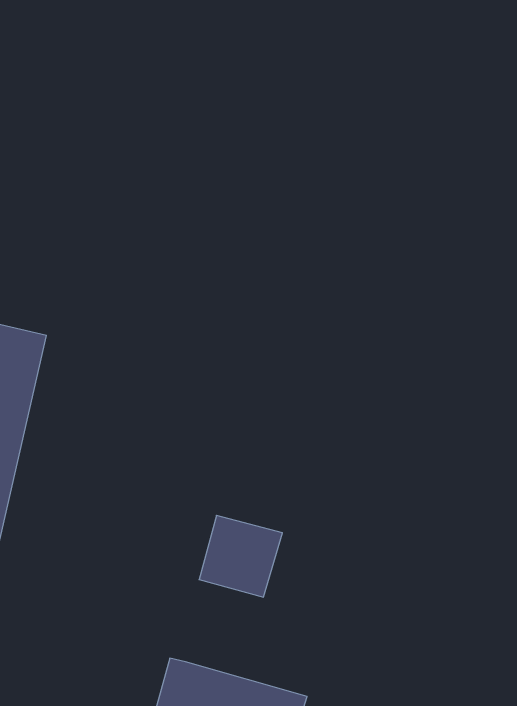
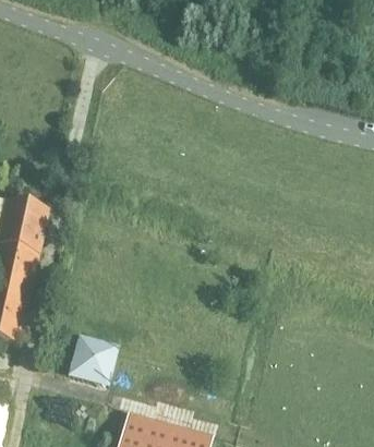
building: [199,515,282,597] -> [70,334,122,385]

